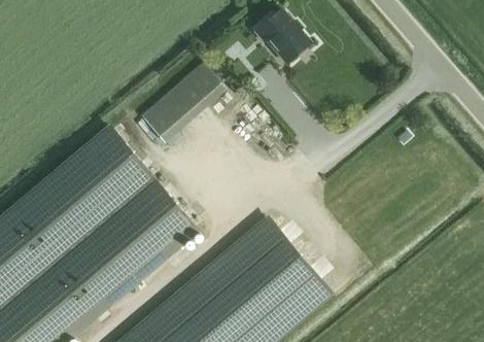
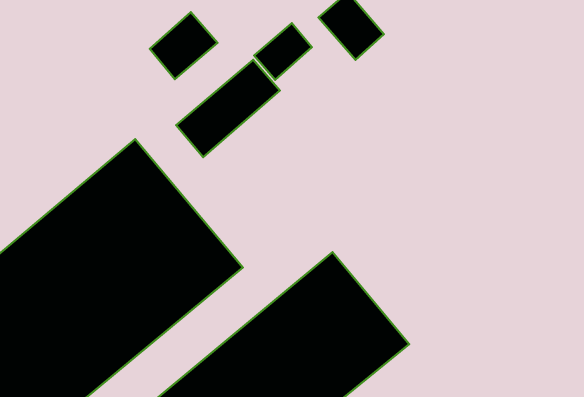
building: none -> [150,12,217,79]
building: none -> [254,23,312,80]

